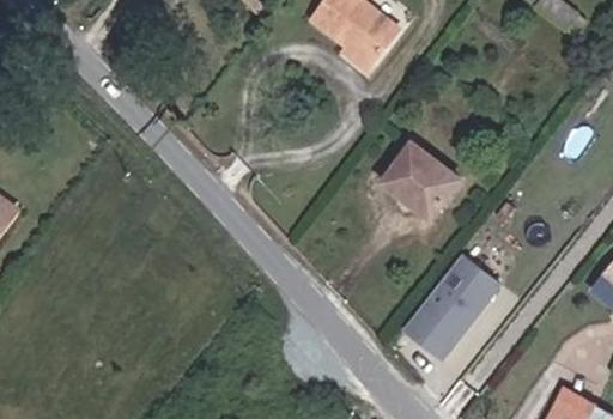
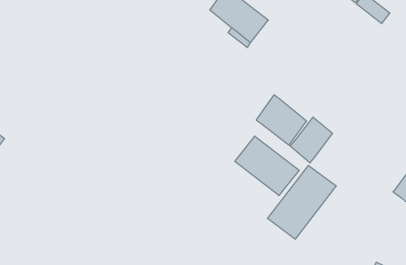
building: none -> [290,117,332,163]
building: none -> [235,136,299,196]

